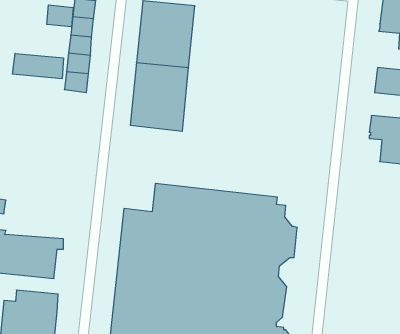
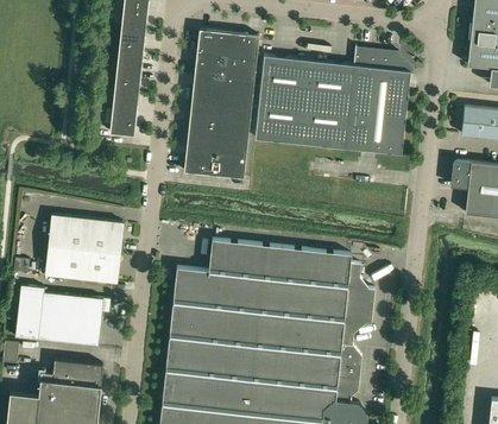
building: [47,5,73,27] -> none
building: none -> [257,49,411,154]
building: [13,53,63,79] -> none
building: none -> [45,215,124,283]

